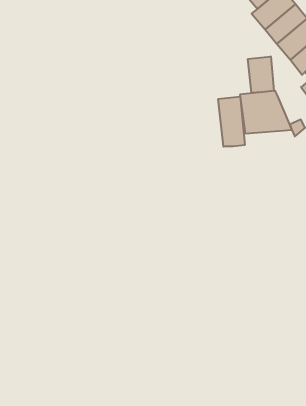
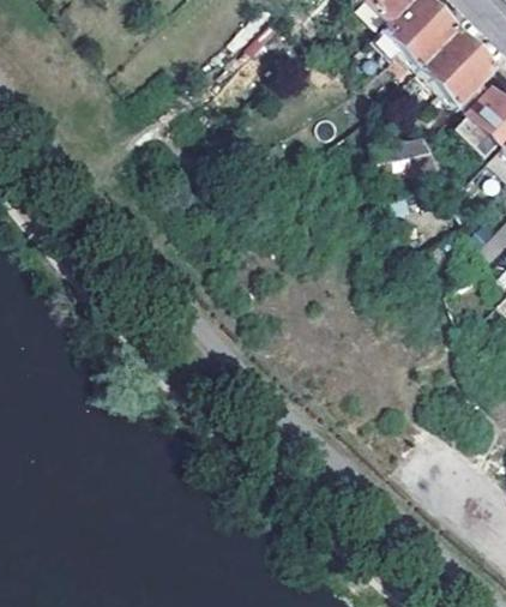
building: [248,56,274,93] -> none
building: [218,97,245,147] -> none

